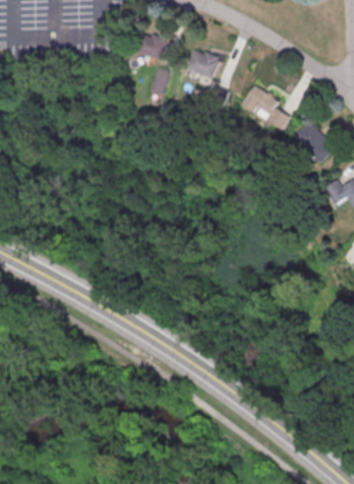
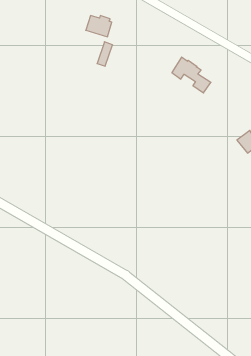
building: [186,51,220,79] -> none
building: [295,121,334,164] -> none

